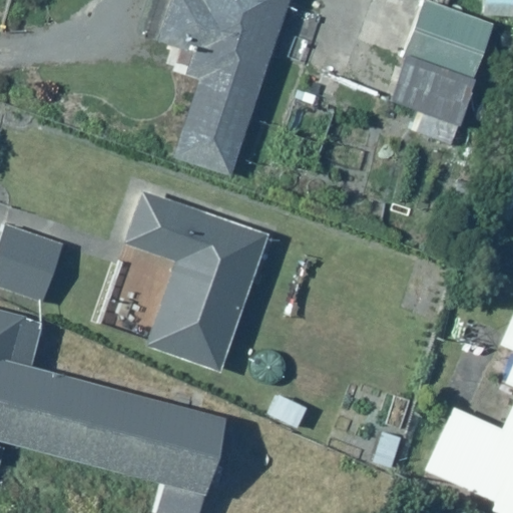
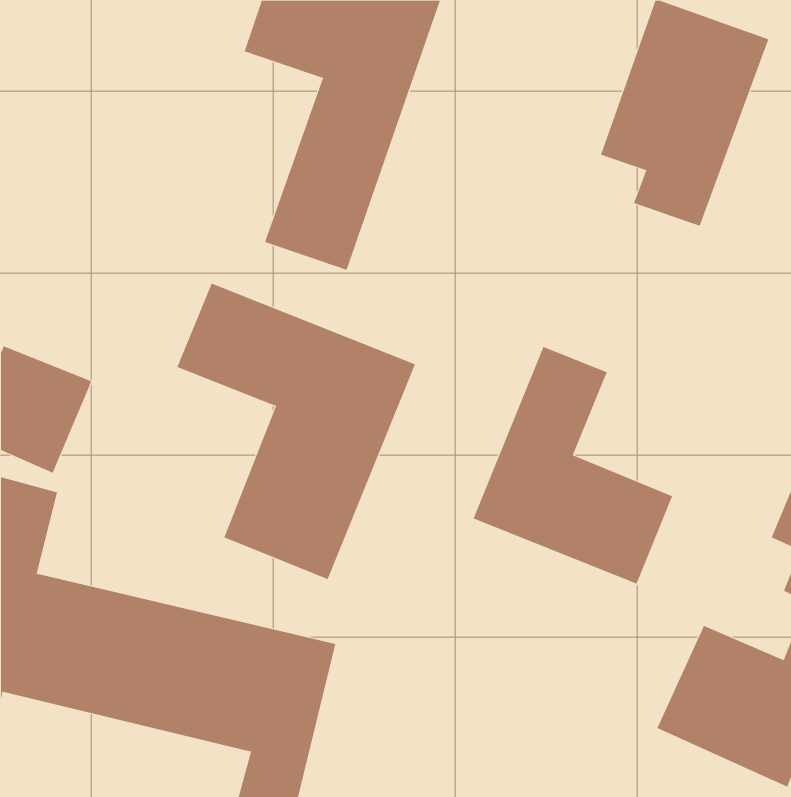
building: none -> [473,346,673,584]

